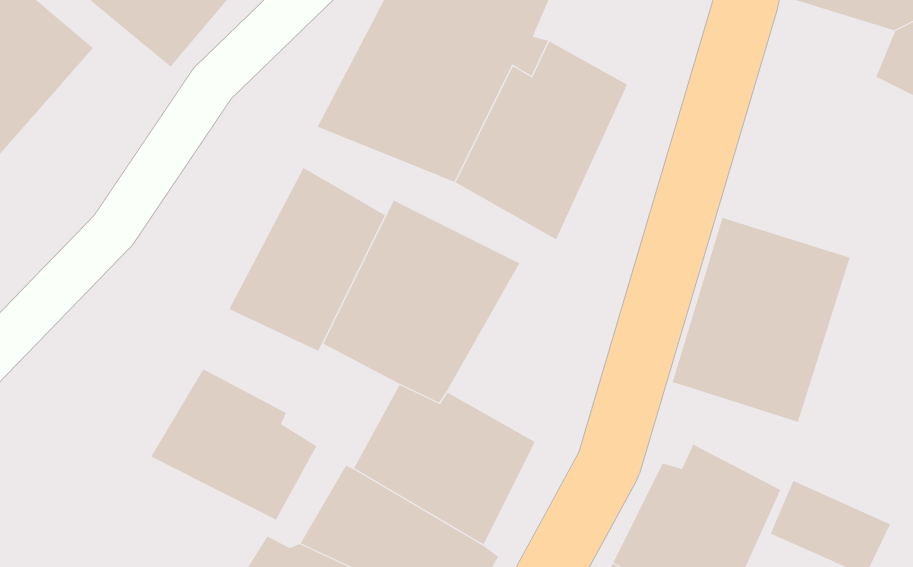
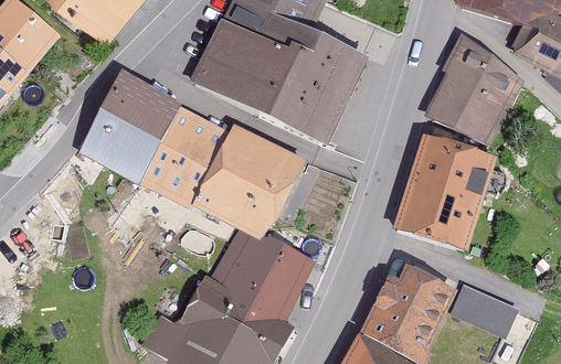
building: none -> [424,33,523,146]
building: none -> [77,68,181,185]
building: [150,369,317,521] -> none

